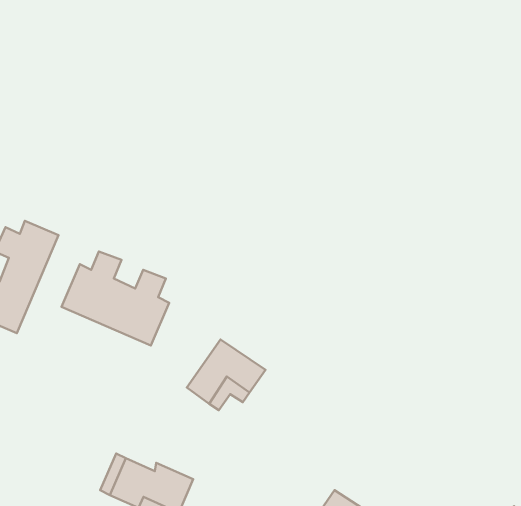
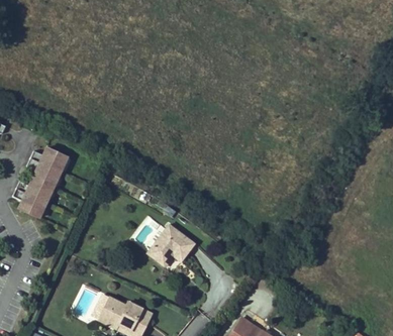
building: [62,251,169,346] -> none

